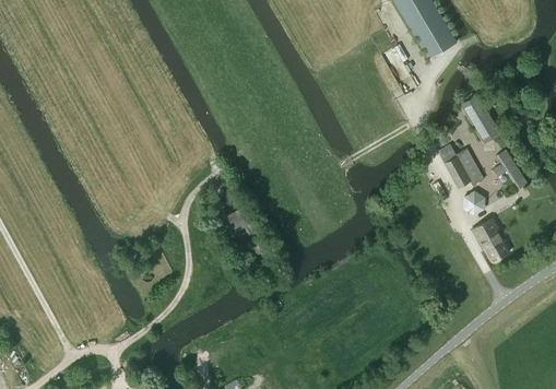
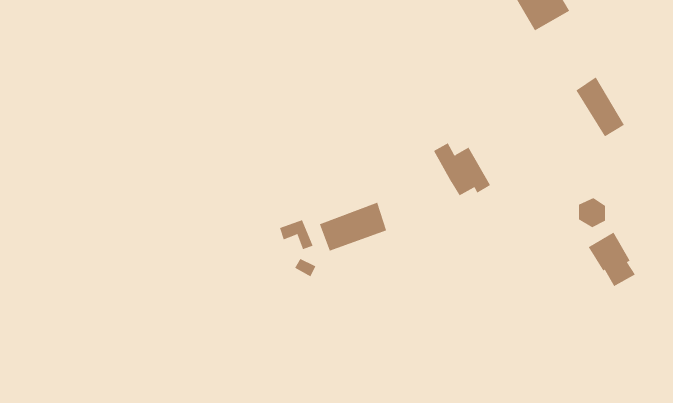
building: [438,145,484,188] -> [433,143,491,196]
building: [494,150,528,190] -> none
building: none -> [319,202,387,251]

